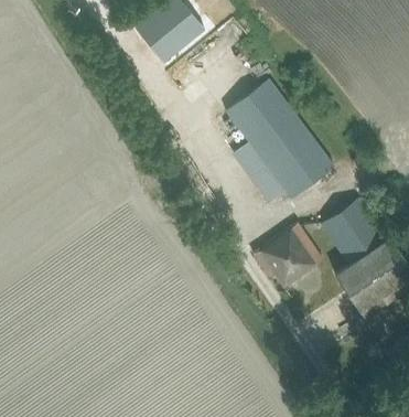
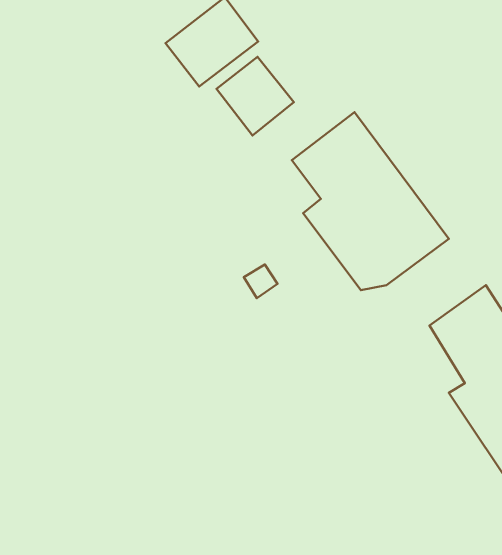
building: none -> [217,57,294,135]
building: [254,225,323,288] -> none

